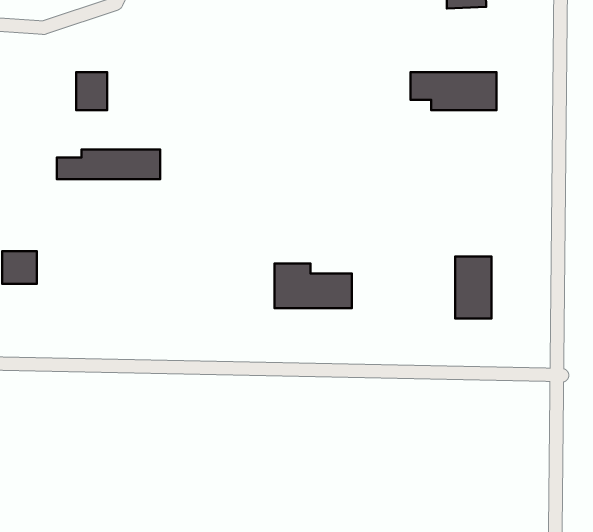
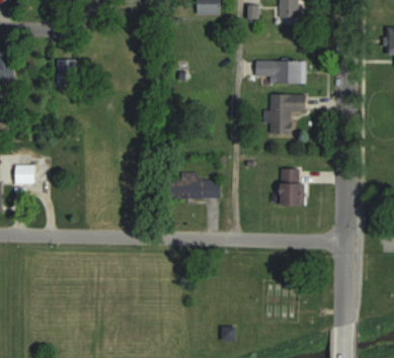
building: none -> [263,94,306,133]
building: [57,149,160,179] -> none

